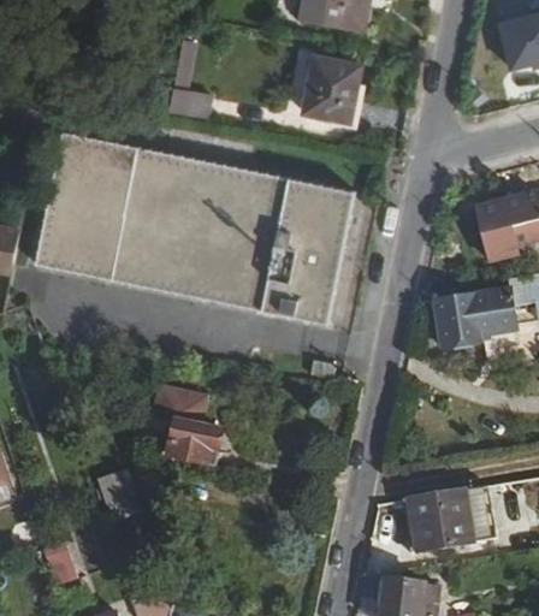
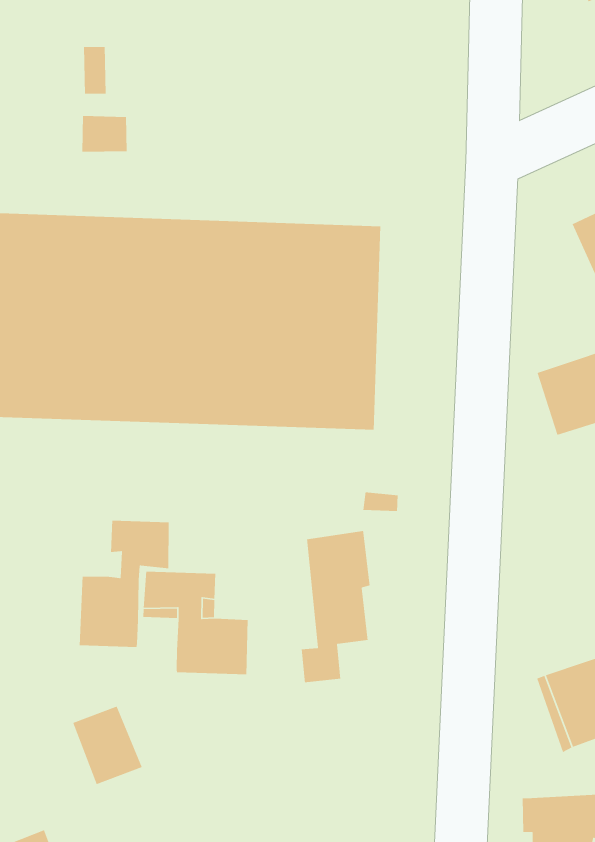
building: [302,57,360,122] -> none
building: none -> [79,520,170,648]
building: none -> [301,530,370,683]

